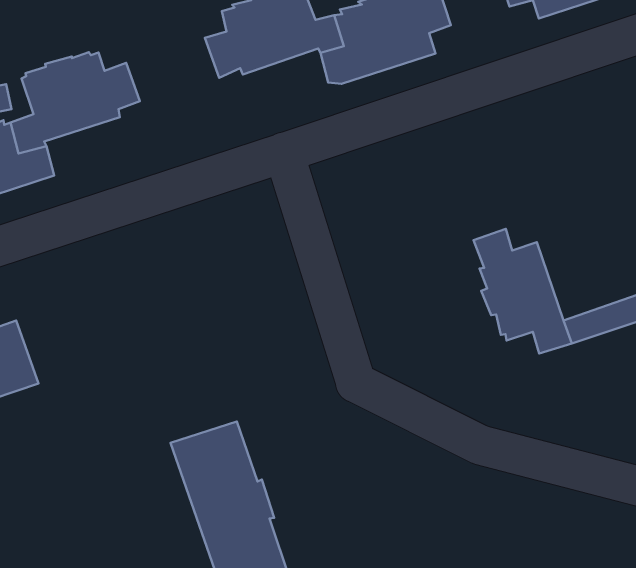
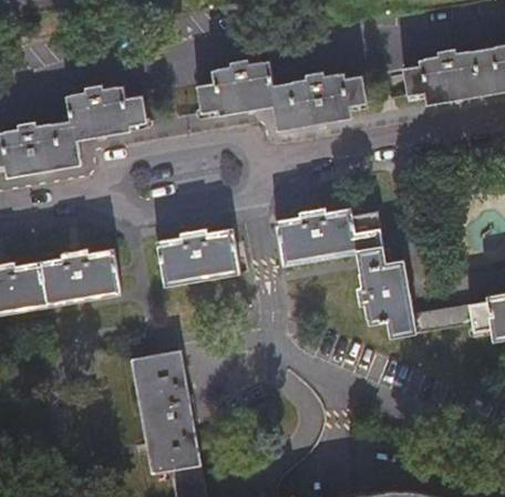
building: none -> [275,206,382,263]
building: none -> [157,227,239,284]
building: none -> [38,246,120,304]

